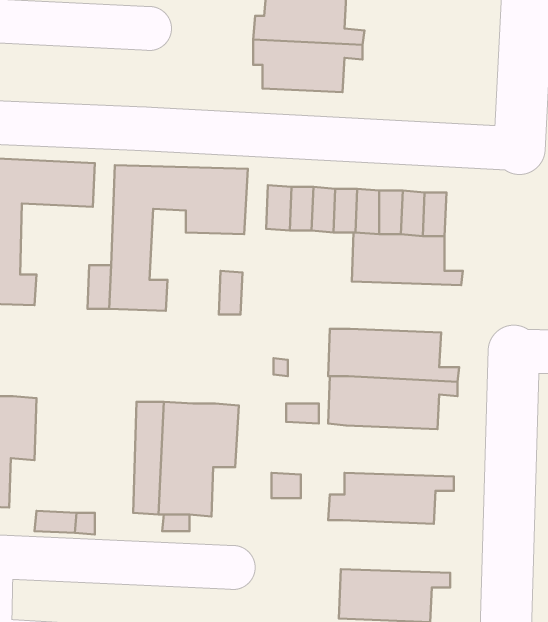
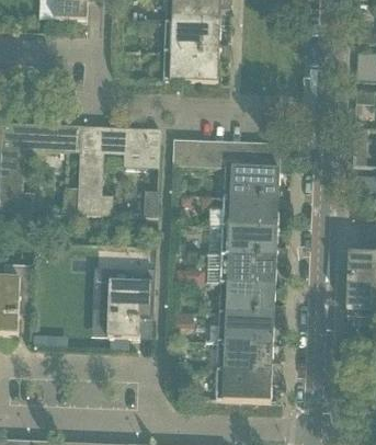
building: none -> [221,196,288,227]
building: none -> [218,283,284,313]
building: none -> [216,340,282,372]

